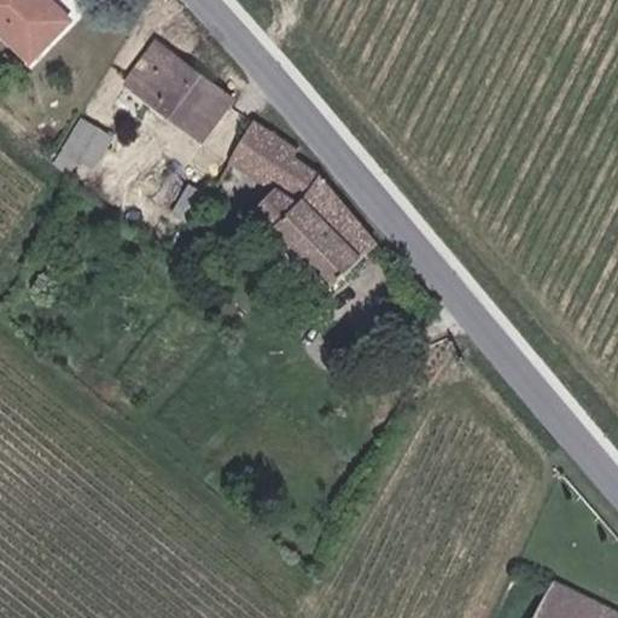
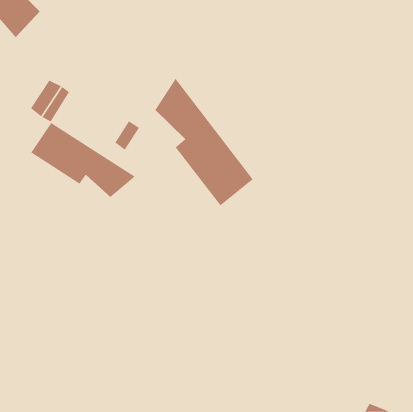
building: [128,52,232,139] -> none
building: none -> [31,122,136,198]

